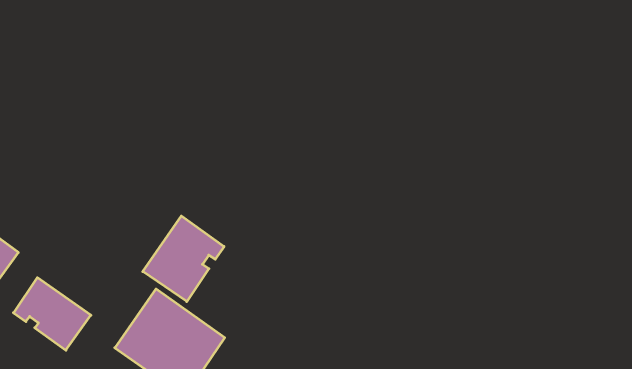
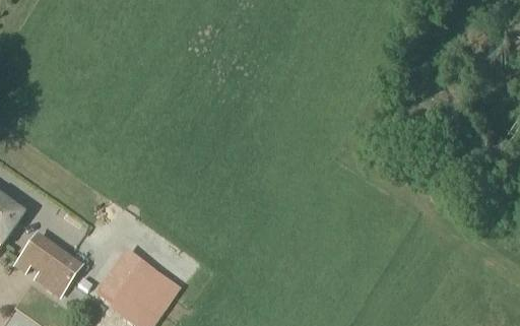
building: [143,216,224,302] -> none

